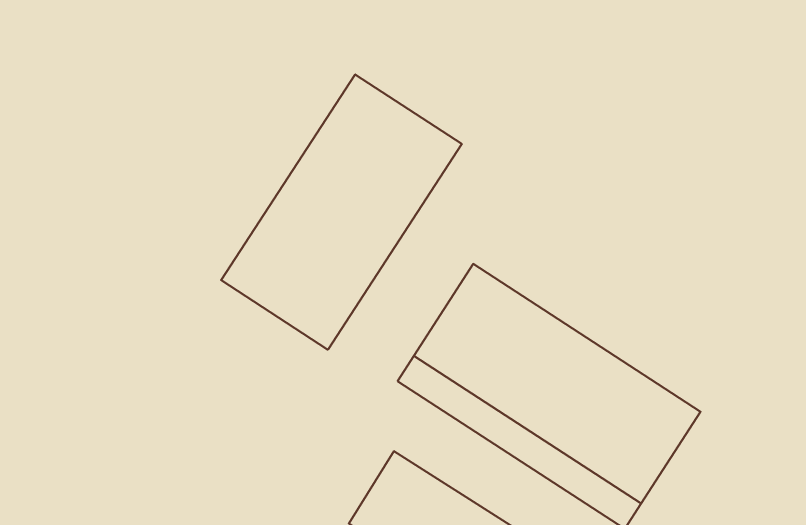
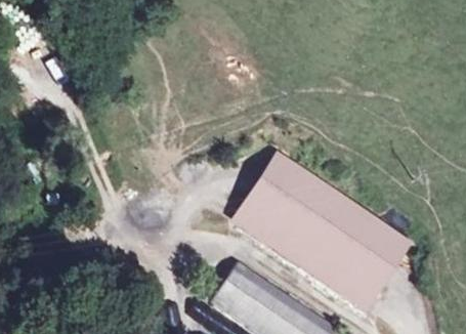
building: [221,74,462,350] -> none

